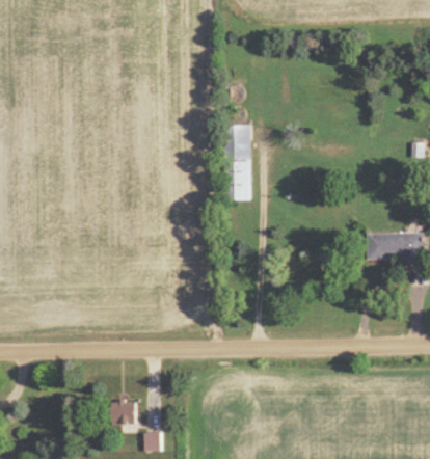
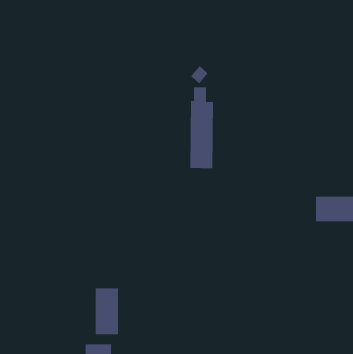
building: none -> [95,288,118,335]

